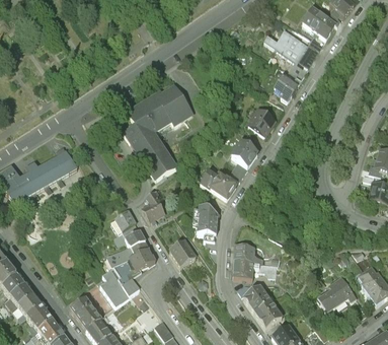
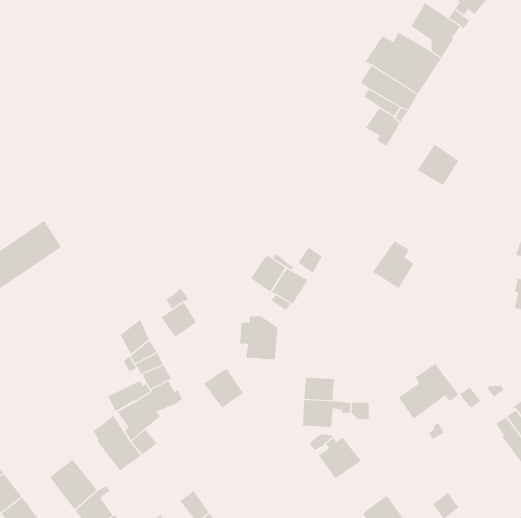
building: [125,80,193,177] -> none
building: [248,107,276,134] -> [417,143,459,186]
building: [231,136,258,167] -> [372,240,415,289]
building: [317,277,357,314] -> [398,363,459,420]
building: [254,301,283,329] -> none

